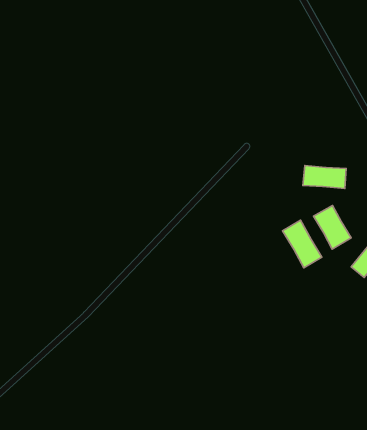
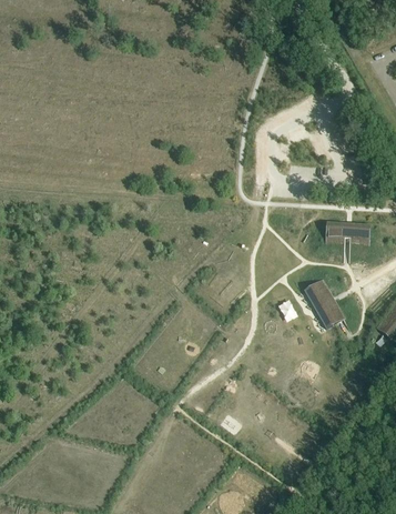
building: [313,206,351,249] -> none

